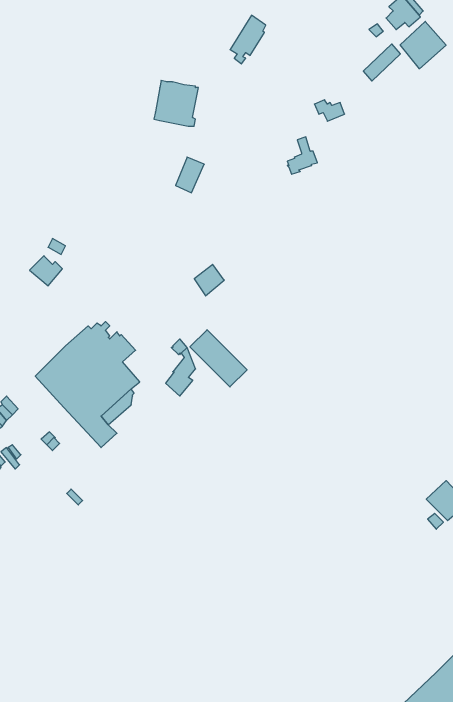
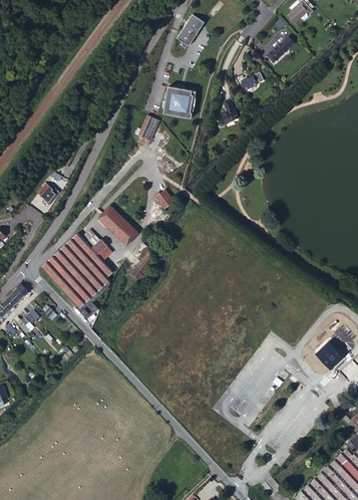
building: [400,21,446,69] -> none
building: [154,80,198,126] -> [162,85,194,117]
building: [190,330,247,387] -> [97,206,137,246]

